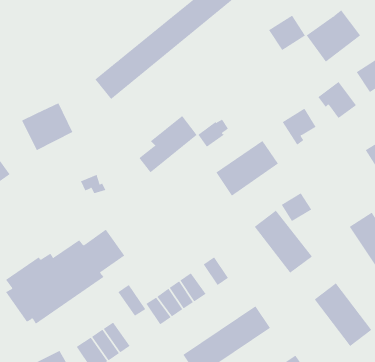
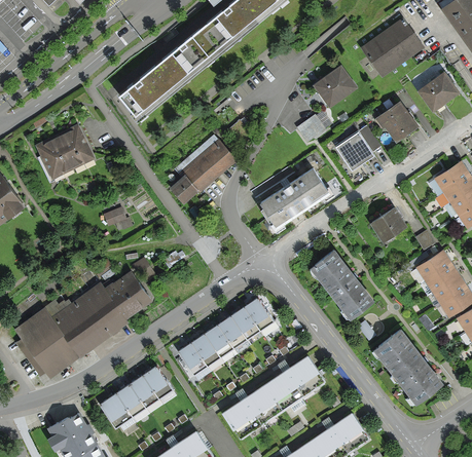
building: [268,15,306,51] -> [317,66,360,107]
building: [198,119,229,147] -> [294,111,330,144]
building: [281,192,312,222] -> [364,206,400,240]
building: none -> [231,309,261,343]
building: [117,284,146,316] -> [142,366,175,403]

